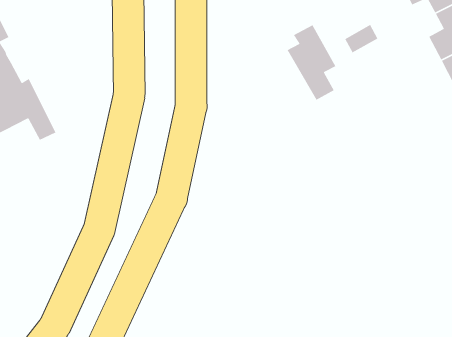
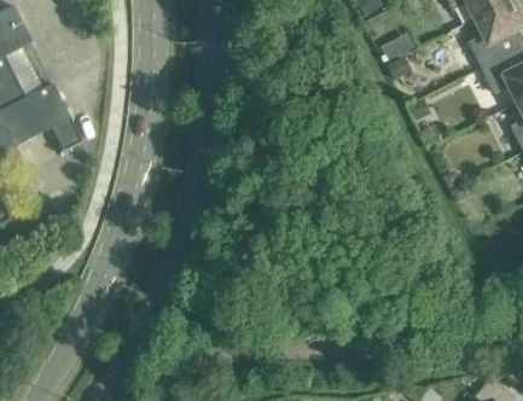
building: [287,24,337,101] -> none

